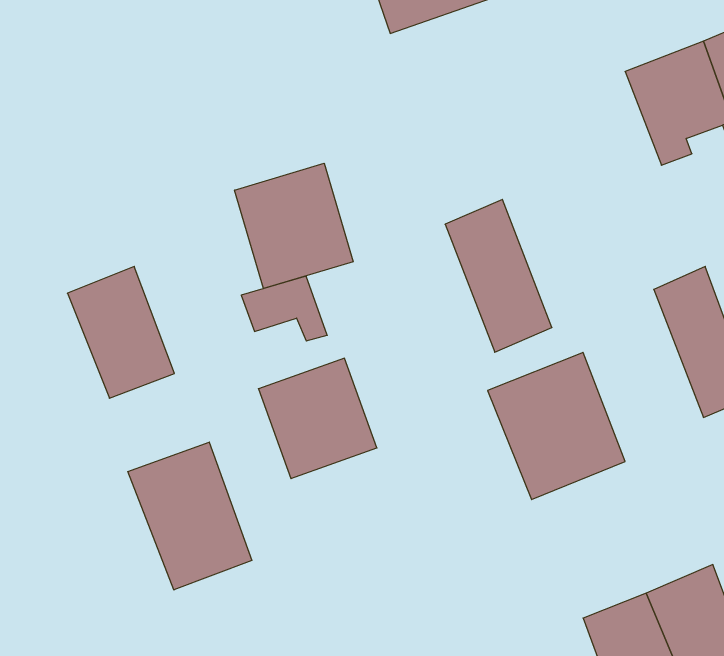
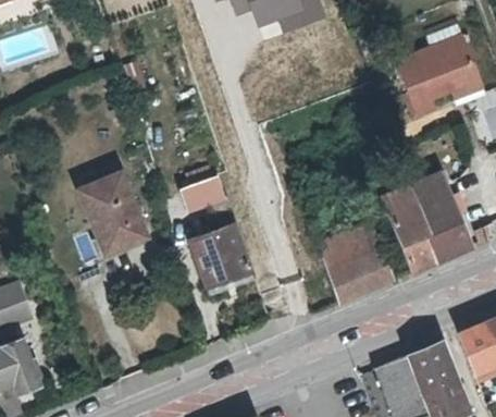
building: [235,163,353,289] -> none
building: [445,199,552,352] -> [382,183,443,270]
building: [128,442,252,590] -> none

